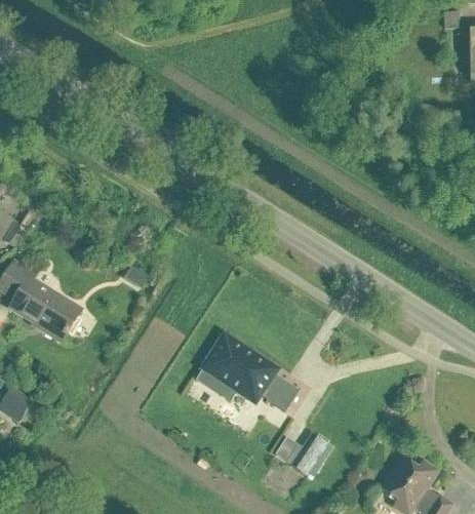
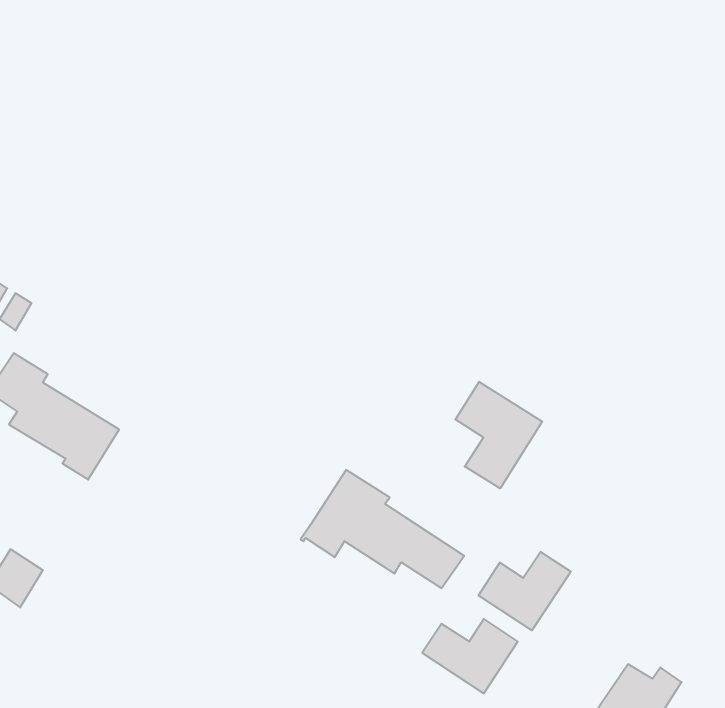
building: none -> [455,382,542,488]
building: none -> [479,552,571,630]

